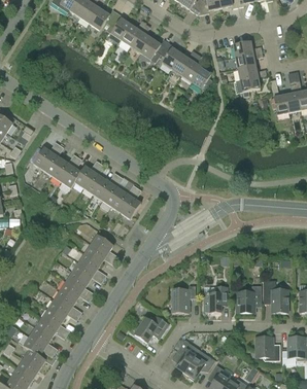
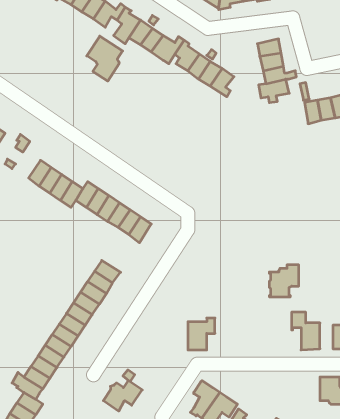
building: none -> [87,36,123,81]
building: [236,284,262,312] -> [269,265,299,297]
building: [204,285,227,312] -> none
building: [134,315,168,342] -> [103,381,142,411]
building: [255,335,280,359] -> none

